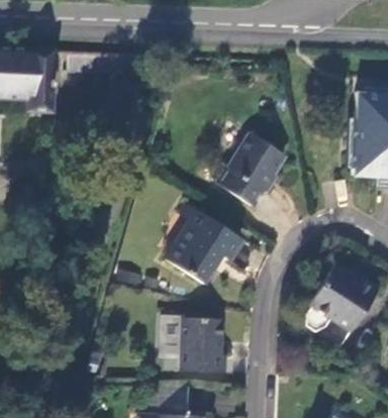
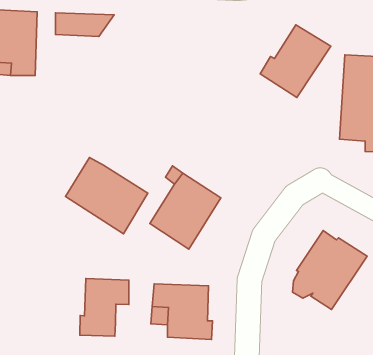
building: [216,133,286,205] -> [260,25,331,98]
building: none -> [66,157,148,234]
building: none -> [80,279,129,336]

